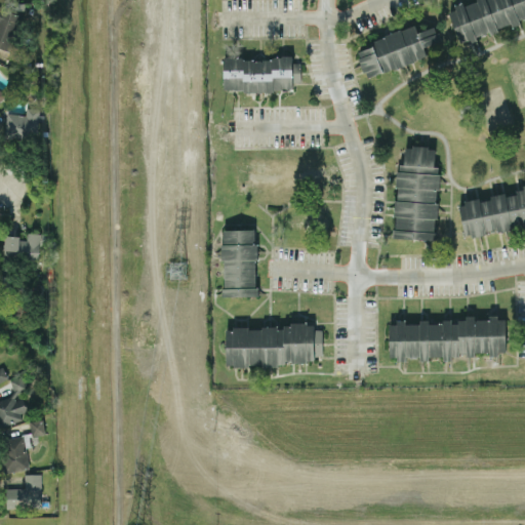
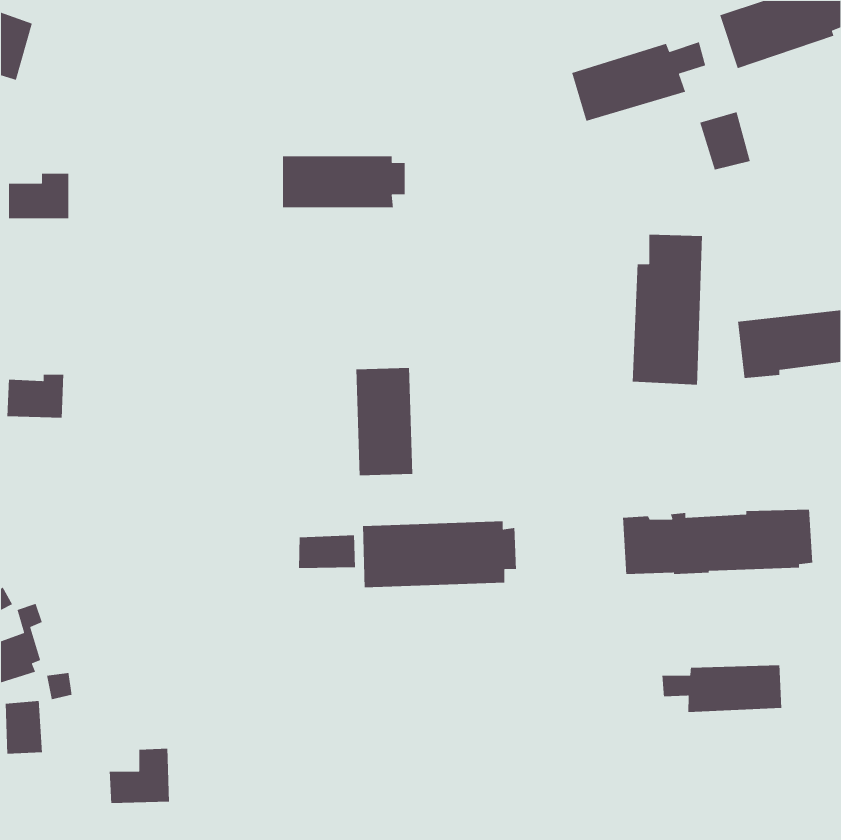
building: [224,58,300,91] -> [282,155,406,208]
building: none -> [699,111,751,171]
building: none -> [298,534,356,569]
building: none -> [661,664,782,713]
building: [5,474,43,509] -> [109,748,170,804]

